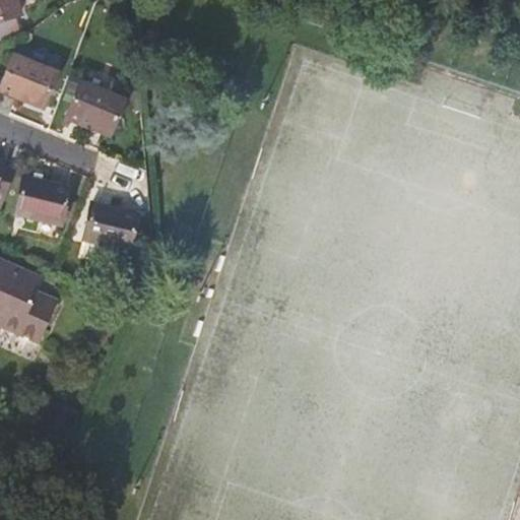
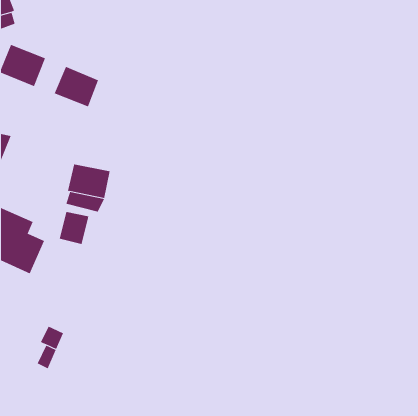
building: [14,177,69,222] -> none
building: none -> [59,211,89,245]

